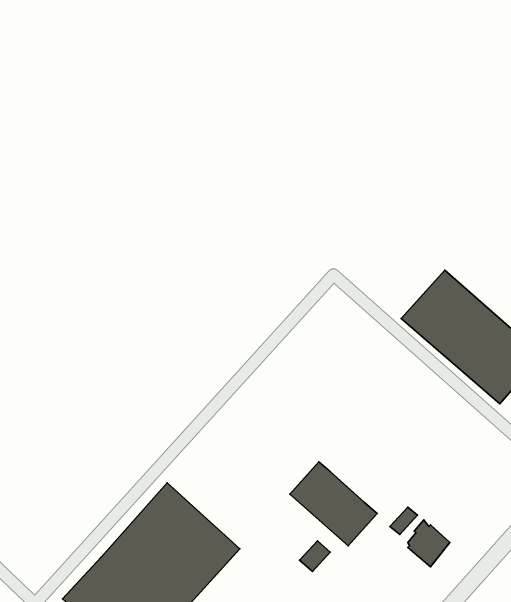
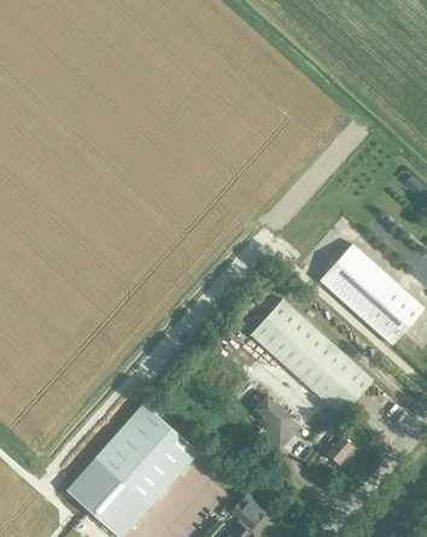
building: none -> [250,299,373,415]

